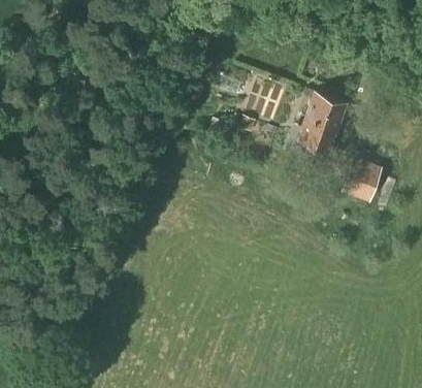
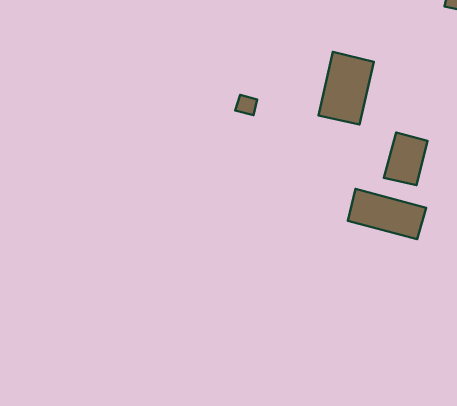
building: none -> [348,189,426,239]

